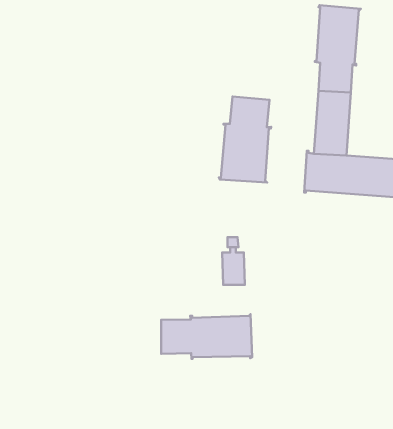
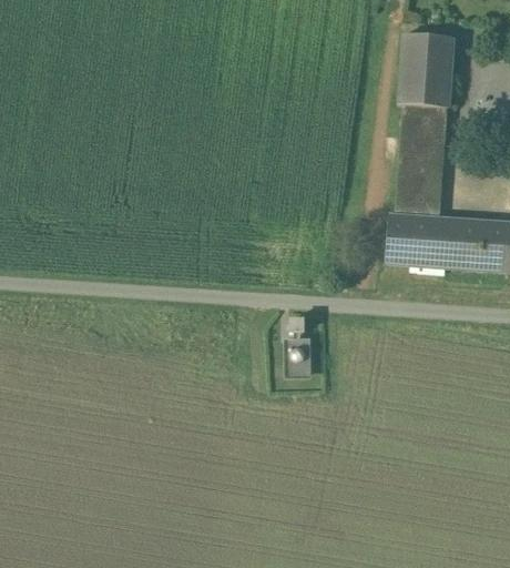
building: [219,96,271,182] -> none
building: [161,314,252,359] -> none

